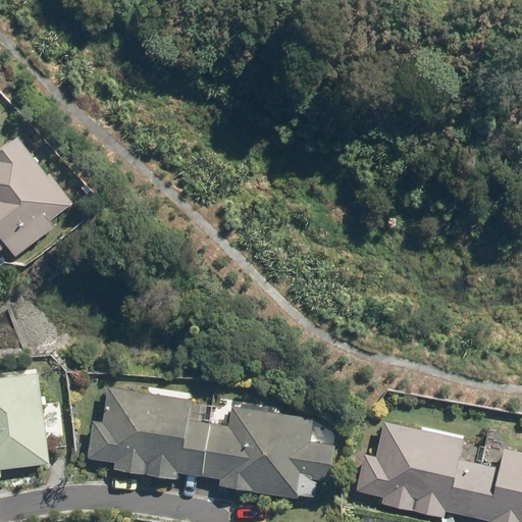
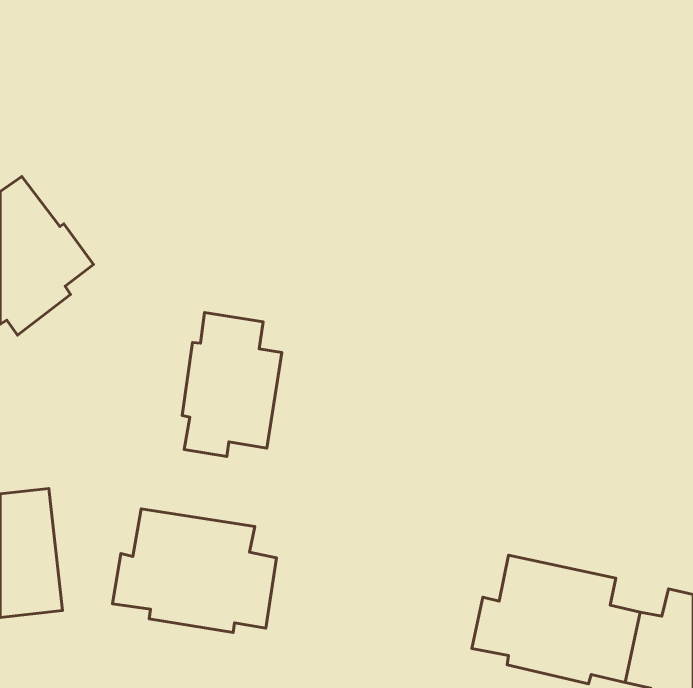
building: none -> [182,313,282,456]
building: [200,406,332,500] -> none

